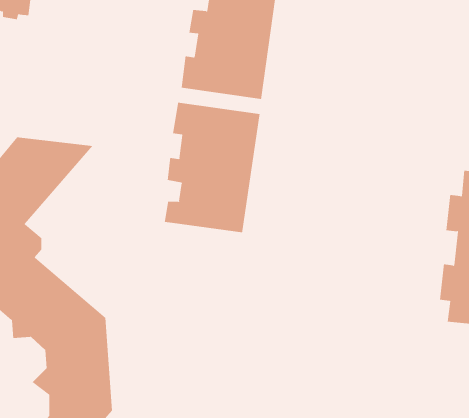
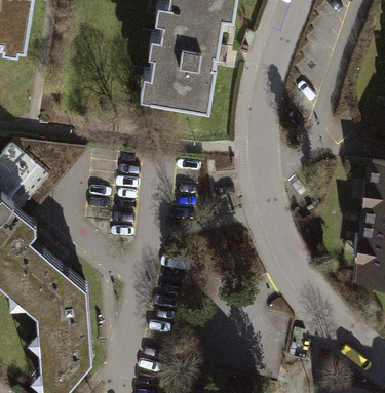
building: [164,102,260,233] -> none

